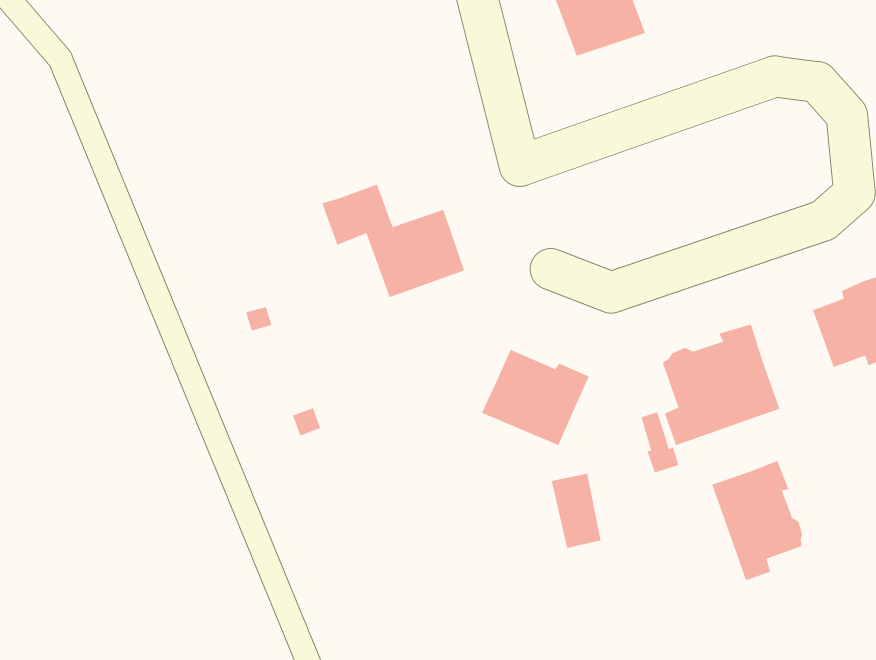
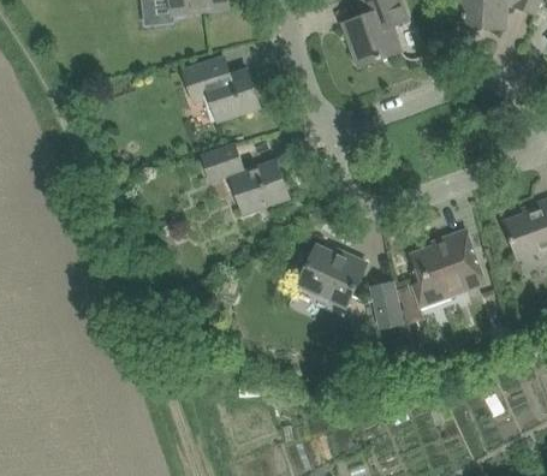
building: none -> [183,58,260,121]
building: [711,460,803,581] -> none
building: [551,473,601,549] -> [370,282,402,329]

